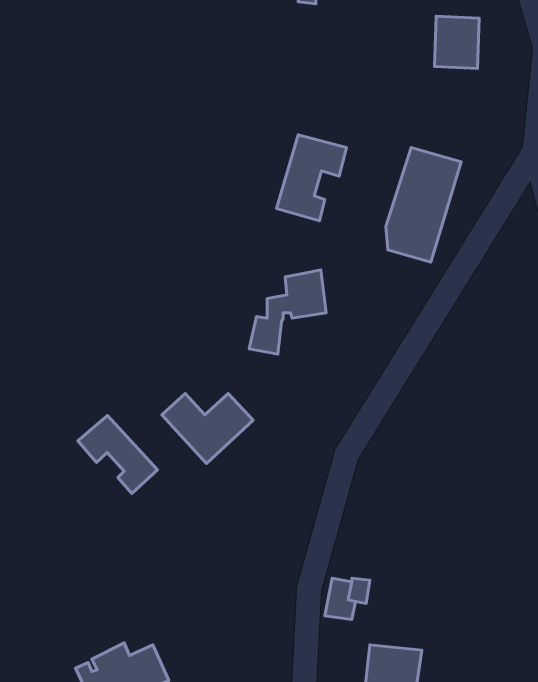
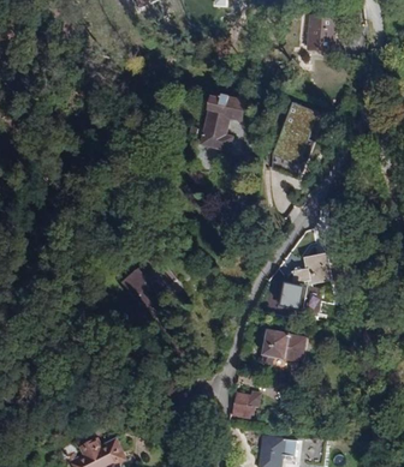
building: [249,270,326,354] -> [279,252,331,309]
building: [78,416,158,494] -> none
building: none -> [260,329,307,364]

